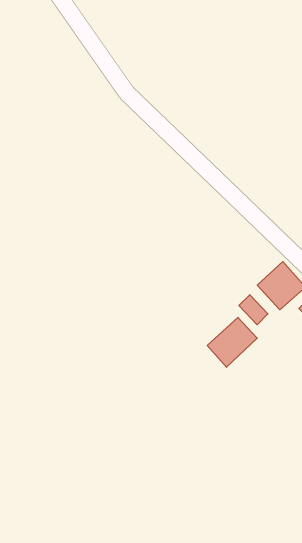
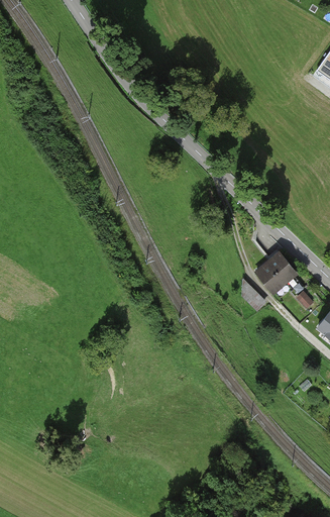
building: [207,317,257,367] -> none

